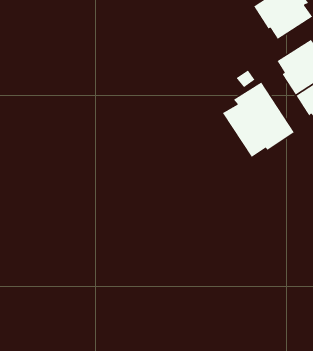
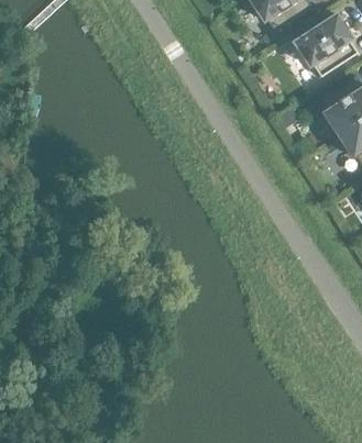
building: [222,81,295,158] -> none

